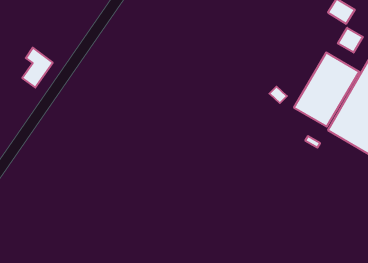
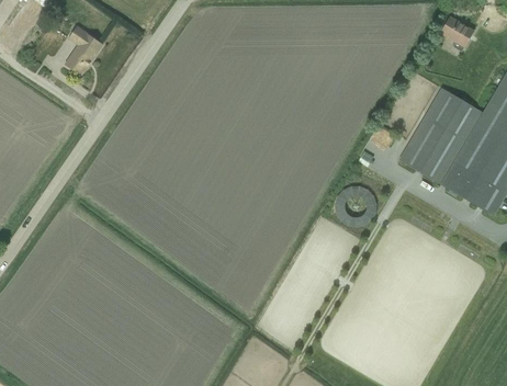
building: [338,28,363,53] -> none
building: [22,48,53,88] -> [65,26,103,77]

